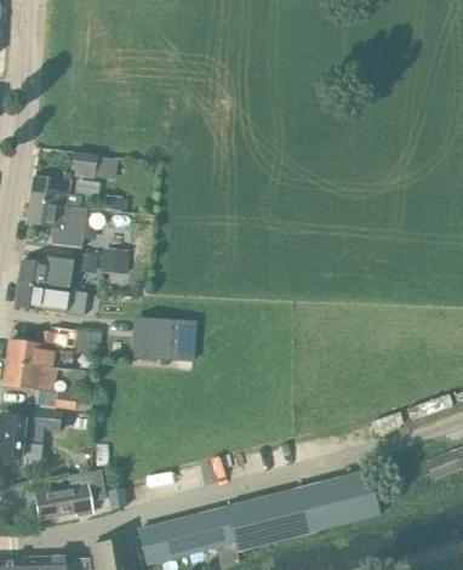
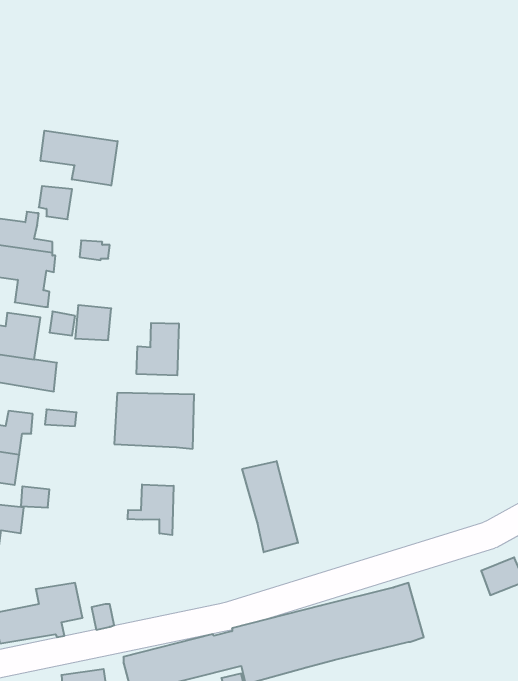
building: none -> [41,131,118,186]
building: none -> [137,323,179,375]
building: none -> [242,461,298,552]
building: none -> [128,484,174,535]

